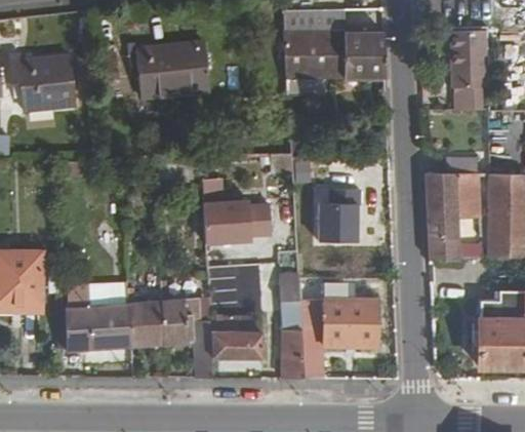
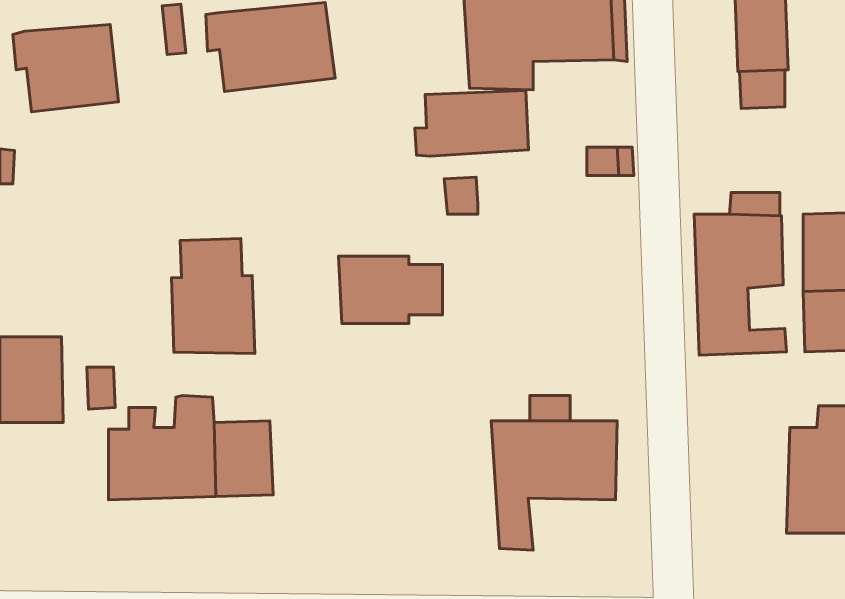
building: none -> [415,91,528,156]
building: [318,187,359,240] -> none
building: none -> [171,238,255,353]
building: [283,272,306,379] -> none
building: [165,301,203,346] -> none
building: [213,315,262,358] -> none

